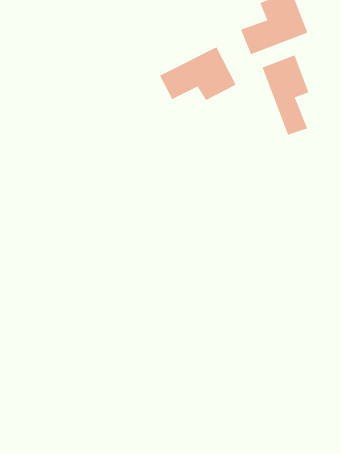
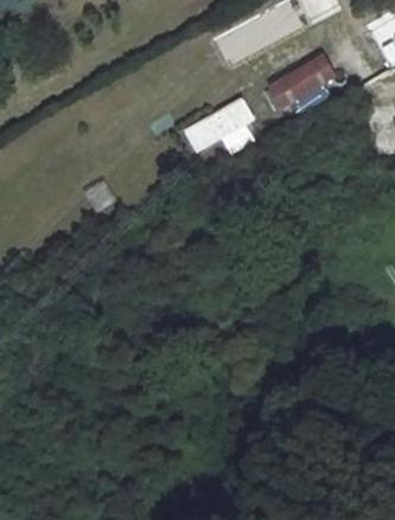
building: [262,54,309,135] -> none

